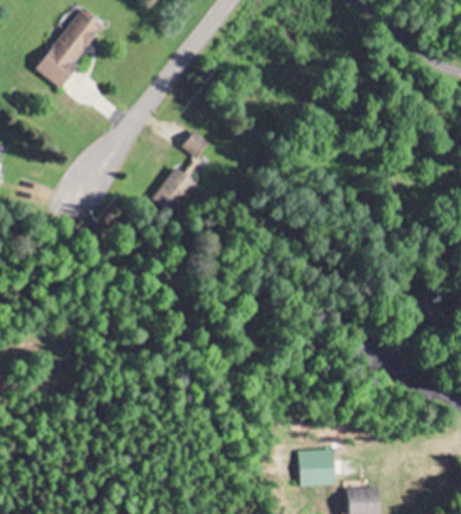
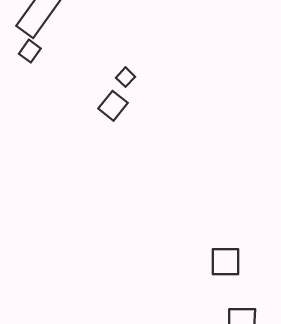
building: none -> [19,40,41,63]
building: [301,450,337,487] -> [213,249,238,274]

